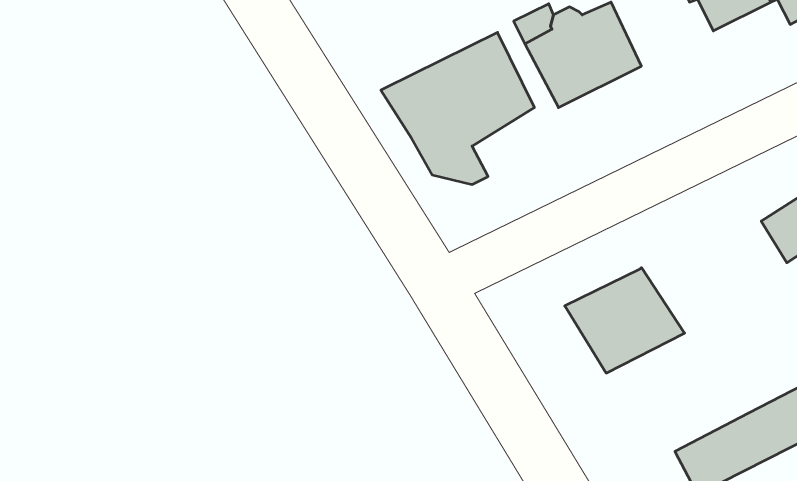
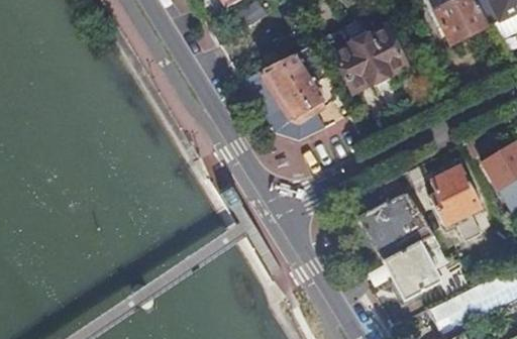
building: none -> [432,164,484,240]
building: none -> [385,234,440,299]

